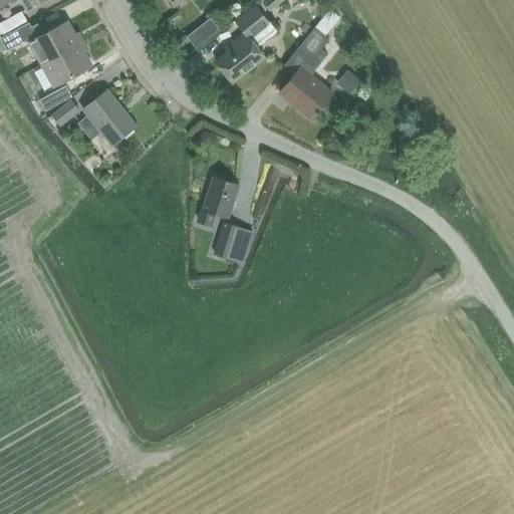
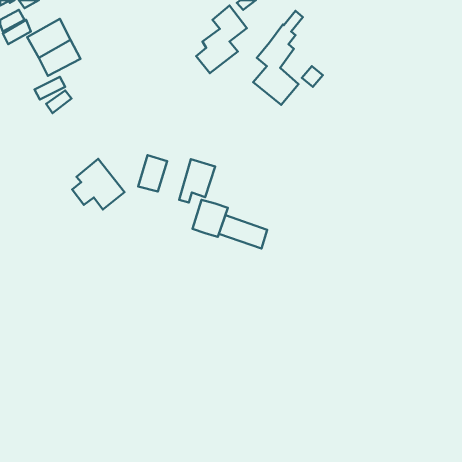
building: [185,19,219,50] -> none
building: [77,88,136,145] -> [72,159,124,209]
building: none -> [138,155,167,192]
building: none -> [219,215,267,248]

